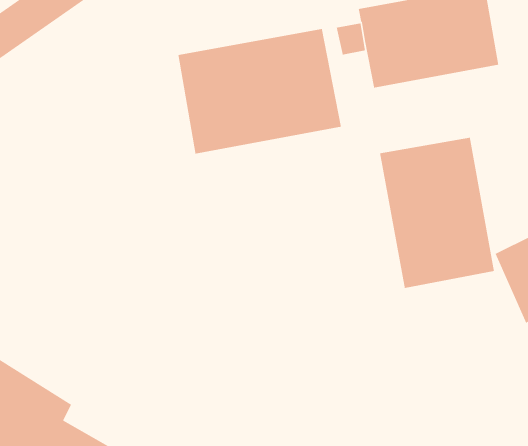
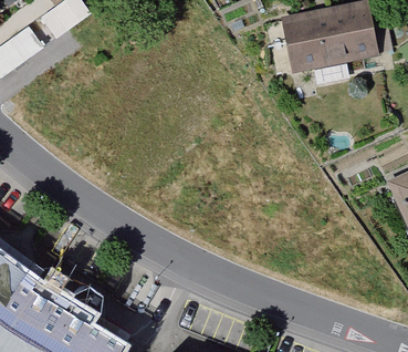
building: [177,28,342,154] -> none
building: [379,137,495,289] -> none

